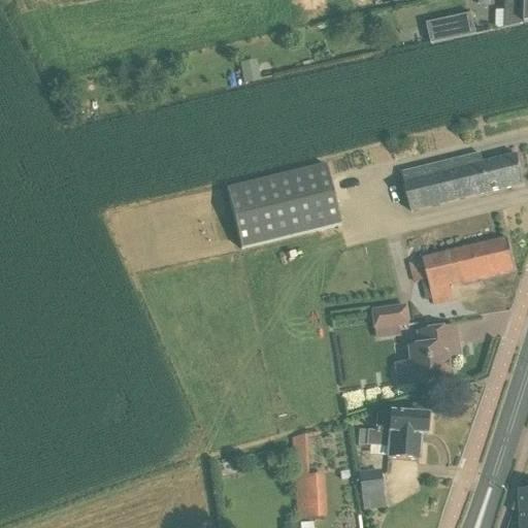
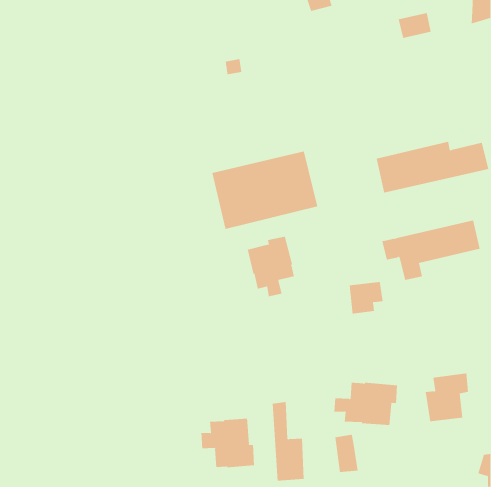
building: none -> [247,236,295,297]
building: [411,325,459,377] -> [425,373,469,422]
building: none -> [201,418,255,468]

